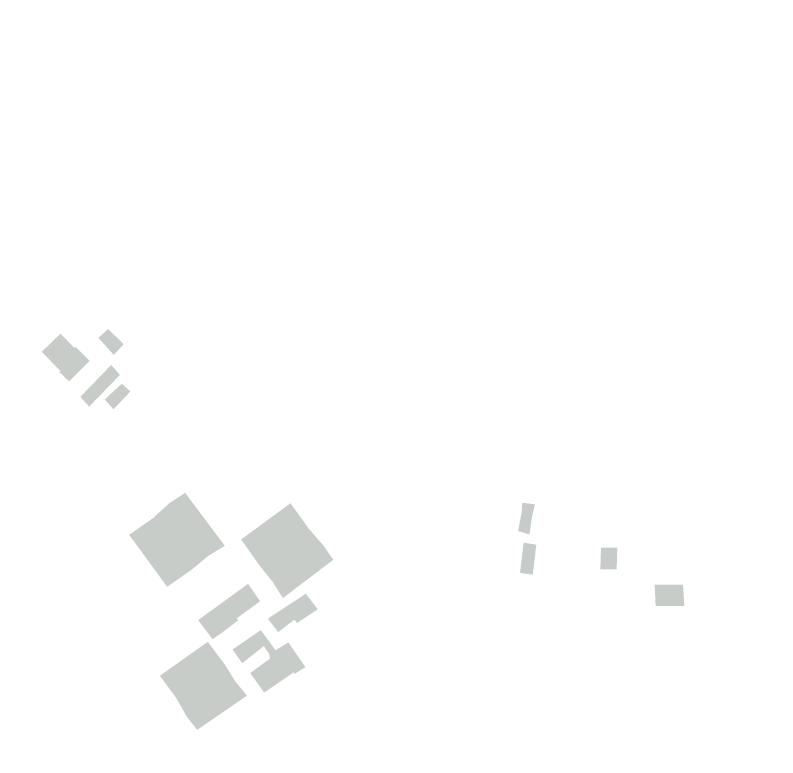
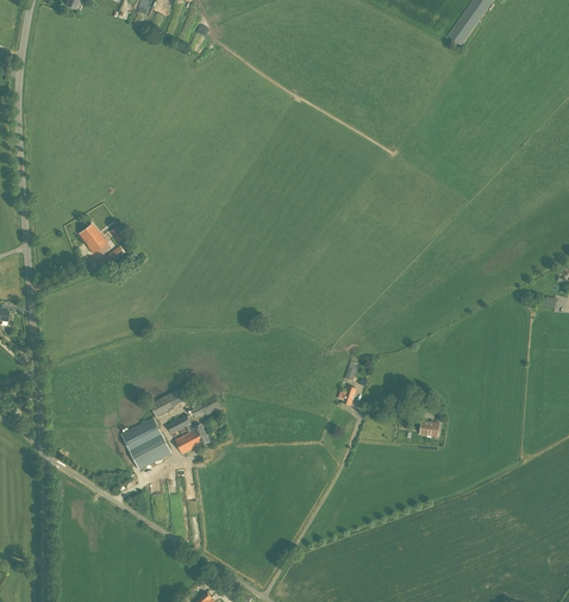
building: [128,492,226,588] -> none
building: [240,502,334,599] -> none

